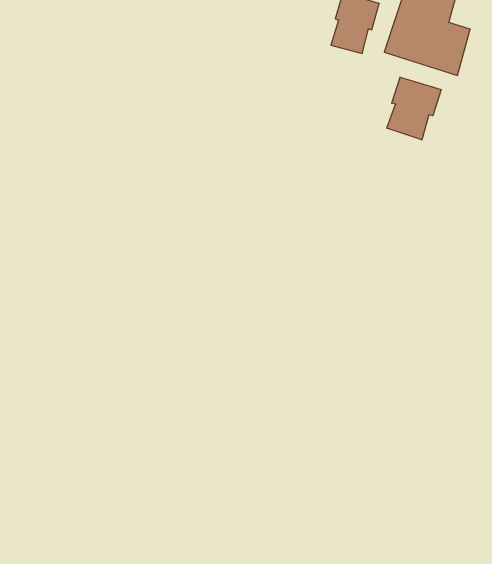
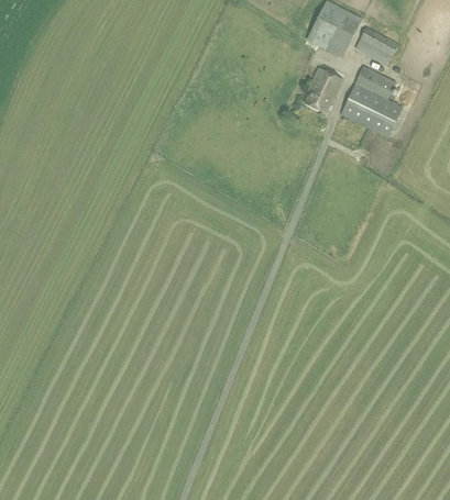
building: [387,77,441,140] -> none

